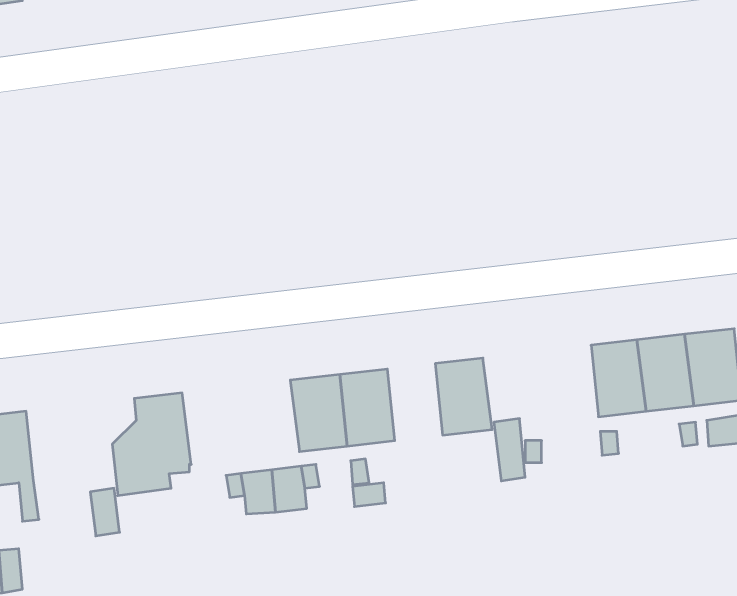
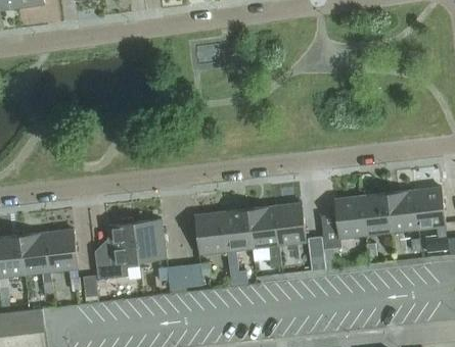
building: none -> [334,196,366,239]
building: none -> [248,206,281,268]
building: none -> [134,219,166,262]
building: none -> [47,230,81,291]

